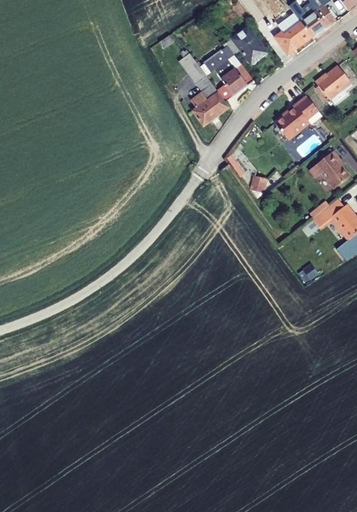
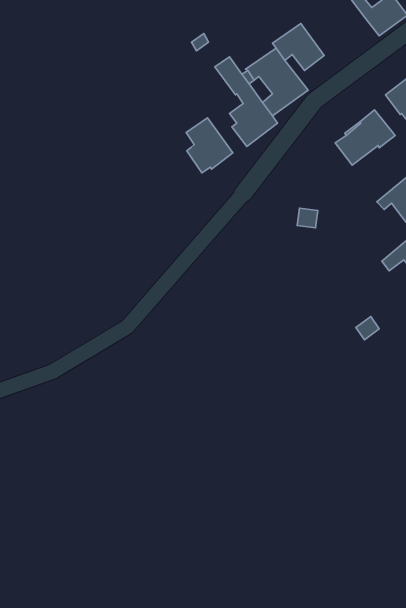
building: [274,21,311,53] -> none
building: none -> [186,118,233,173]

